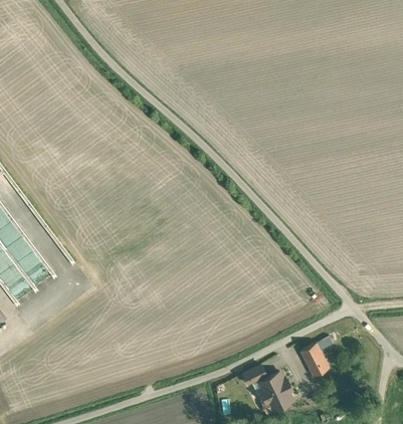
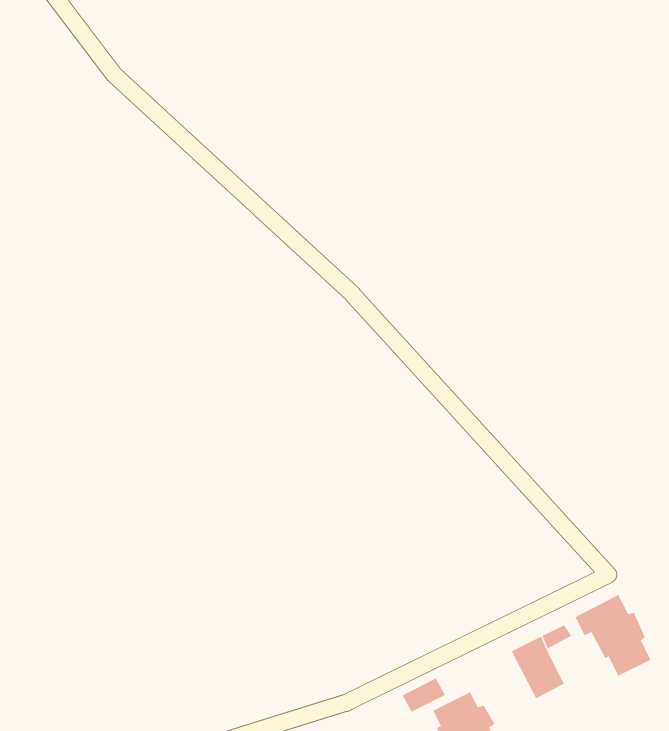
building: none -> [575,594,651,677]

